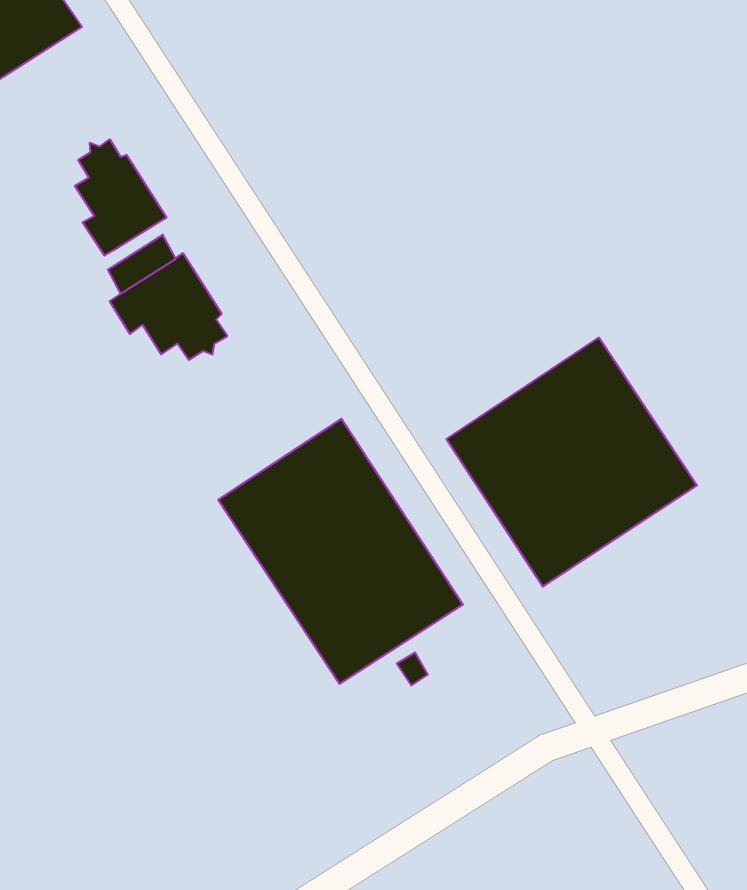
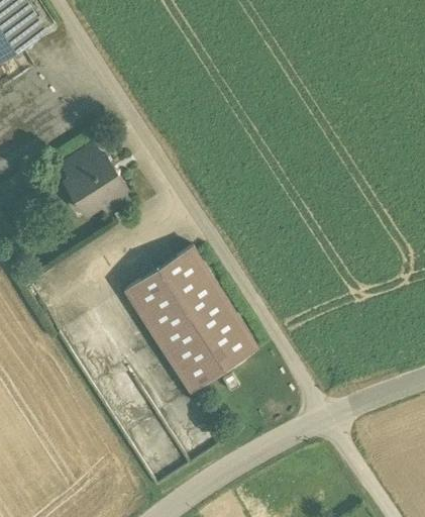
building: [75,139,166,256] -> none
building: [447,338,697,587] -> none

